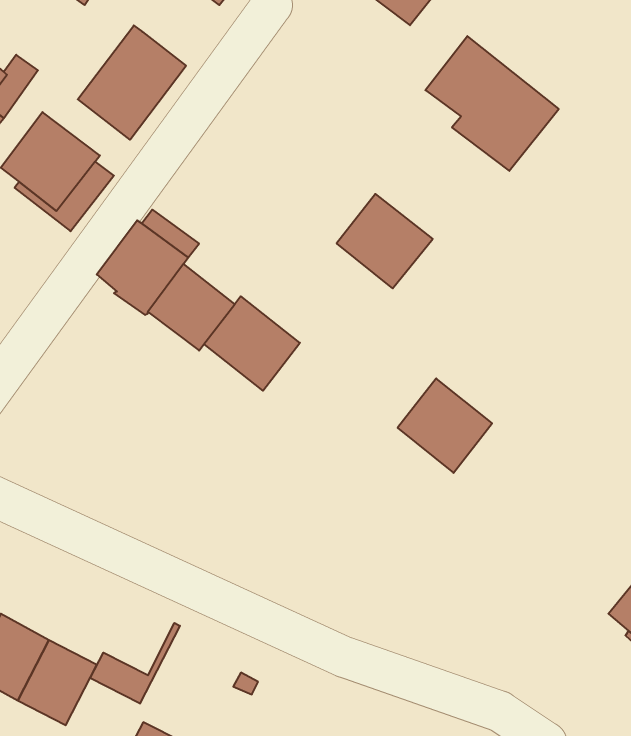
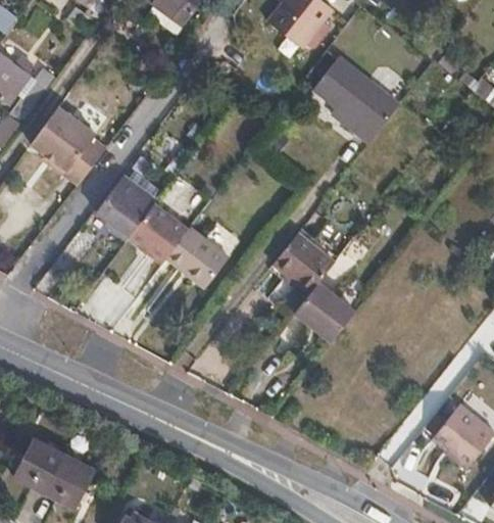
building: [78,25,186,140] -> none
building: [337,194,433,288] -> [273,232,336,294]
building: [90,623,180,704] -> none

